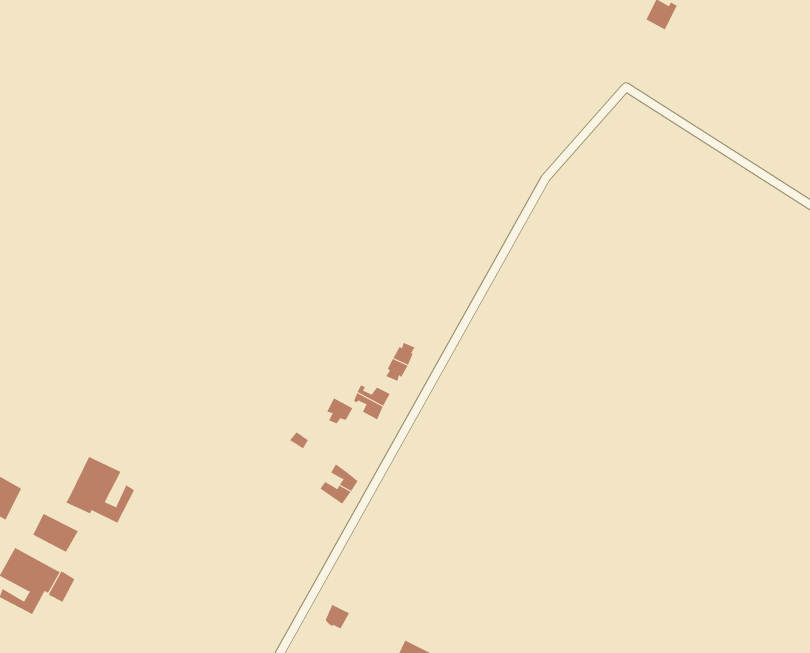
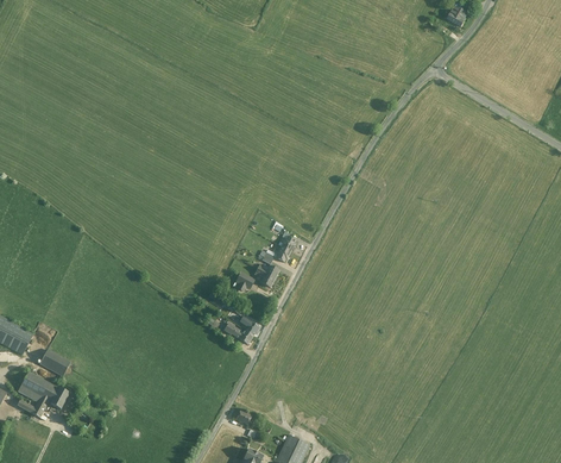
building: [66,456,135,524] -> none

